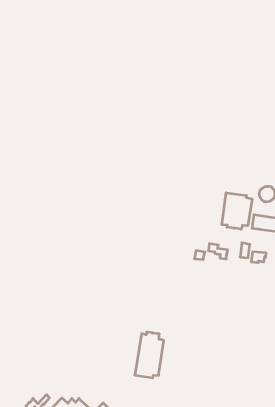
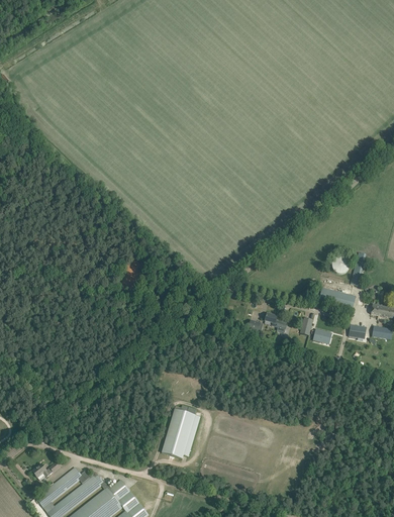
building: [222,193,252,229] -> none

